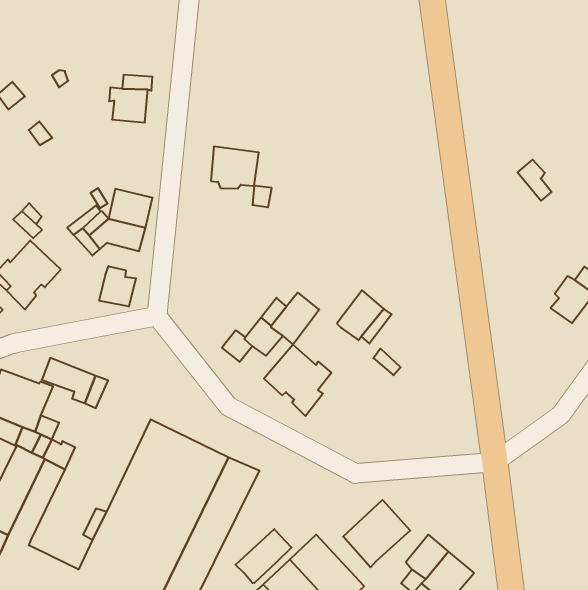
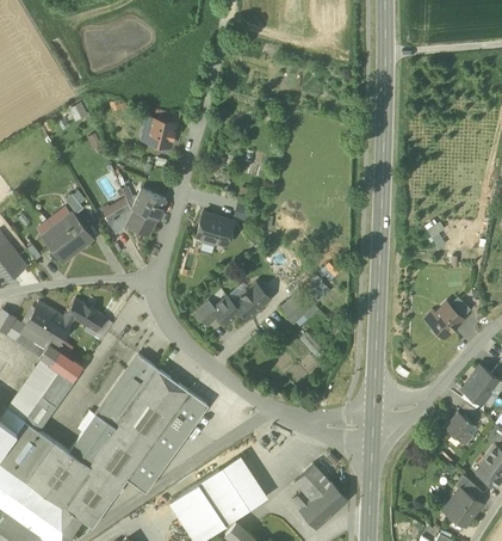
building: [211,147,259,189] -> [196,213,233,245]
building: [99,266,136,307] -> none
building: [264,344,331,416] -> none
building: [343,500,410,567] -> none
building: [235,529,292,583] -> none

